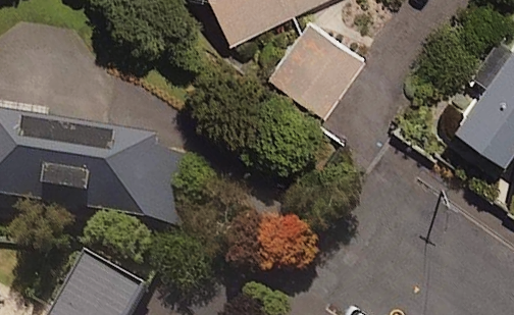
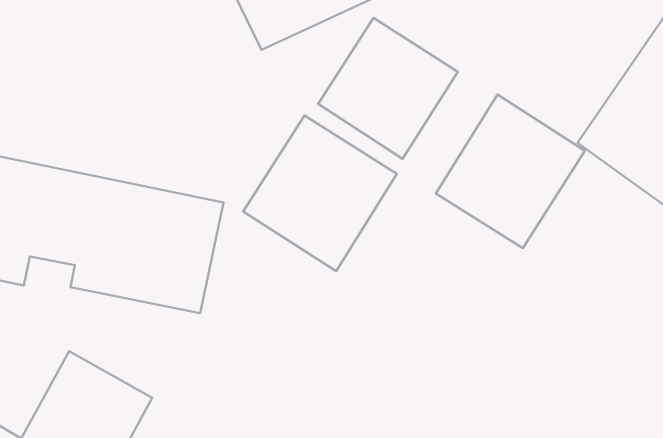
building: none -> [436,94,585,248]
building: none -> [243,115,397,271]

